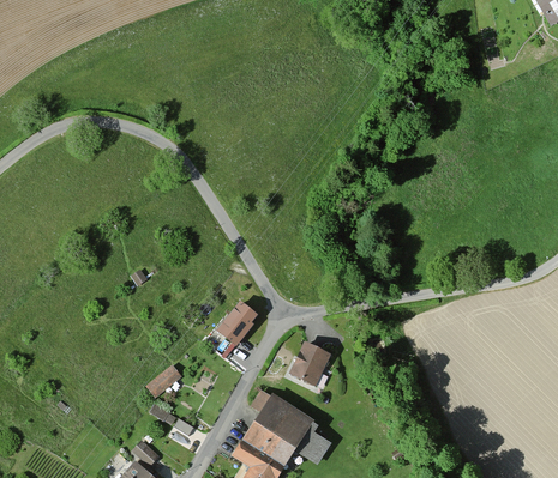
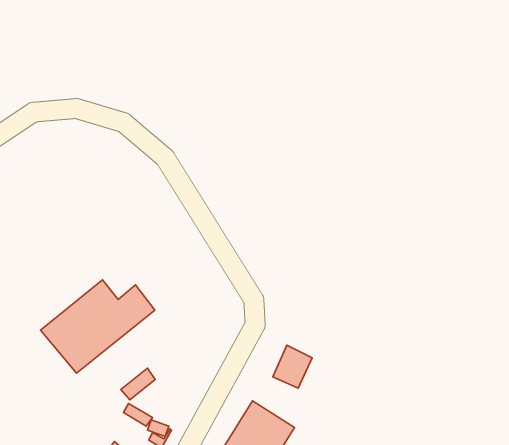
building: none -> [41,280,155,373]
building: [217,304,256,346] -> none

